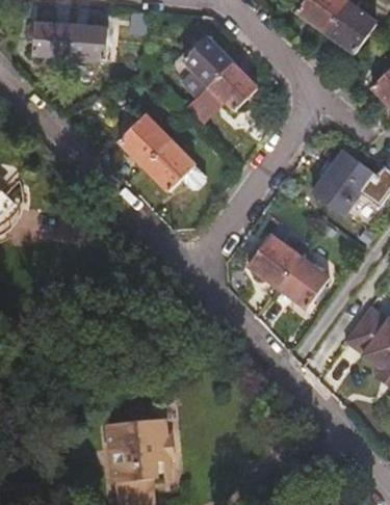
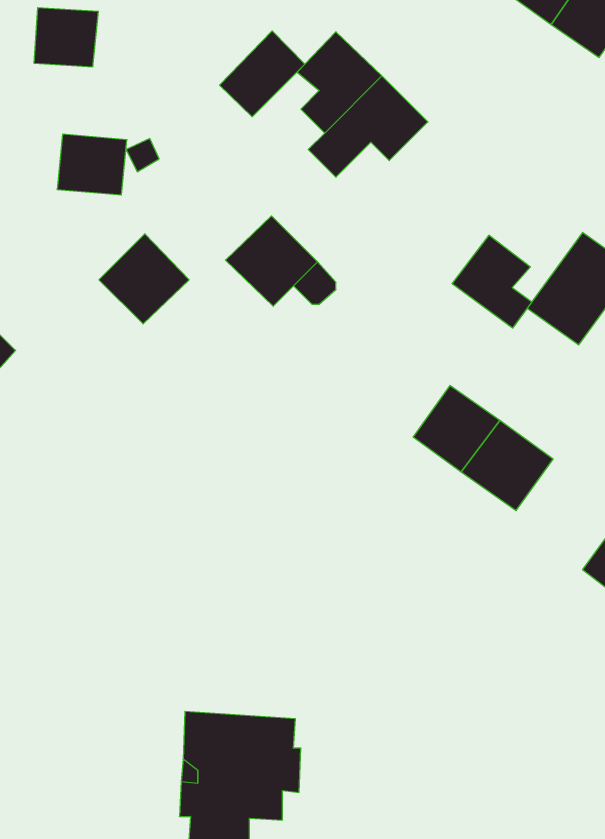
building: [68,25,107,59] -> [57,134,127,195]
building: none -> [220,31,305,117]
building: [118,114,168,165] -> [99,234,189,324]
building: none -> [452,235,532,328]

